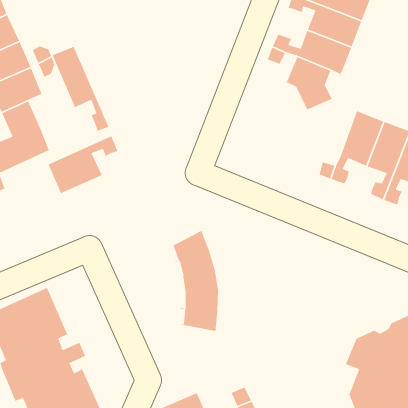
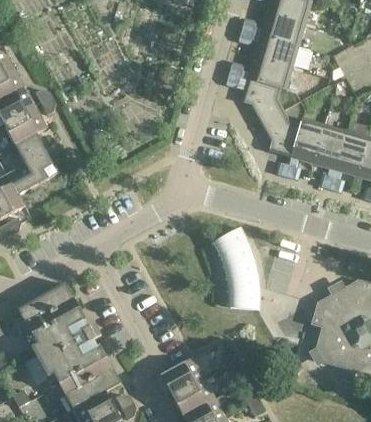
building: [52,46,109,132] -> none
building: none -> [261,111,299,156]
building: [47,135,119,194] -> none
building: [169,230,219,332] -> [214,228,258,309]

